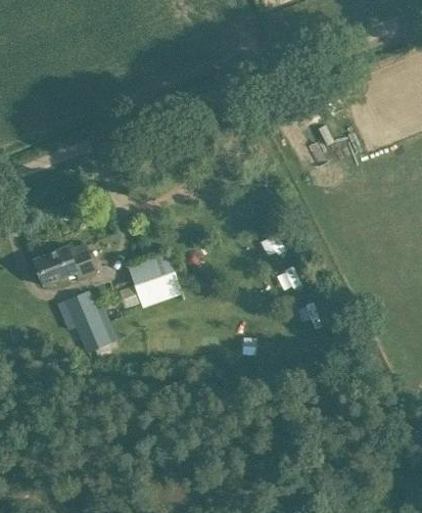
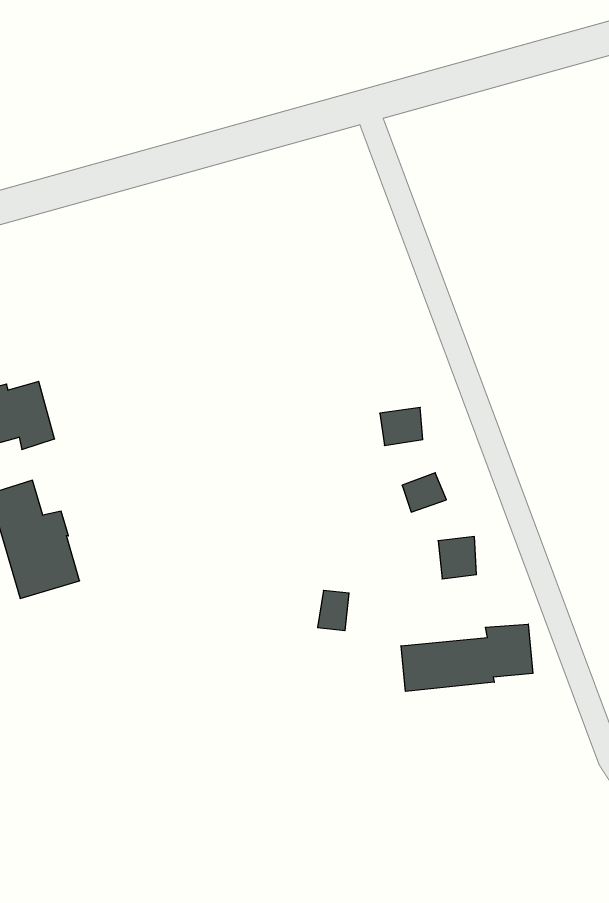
building: [127,251,176,306] -> none
building: none -> [401,624,533,691]

